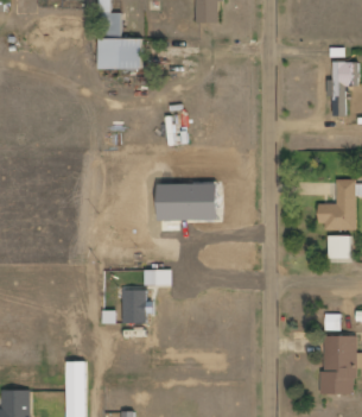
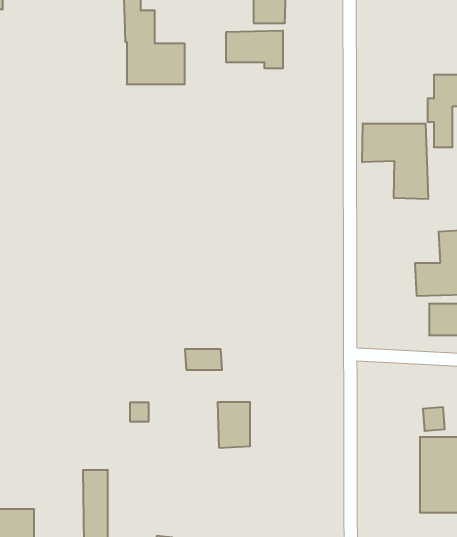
building: none -> [226,30,283,68]
building: none -> [362,123,428,199]
building: [159,183,221,221] -> none
building: [121,290,146,324] -> [217,402,250,448]

